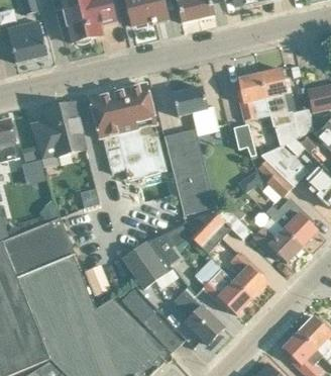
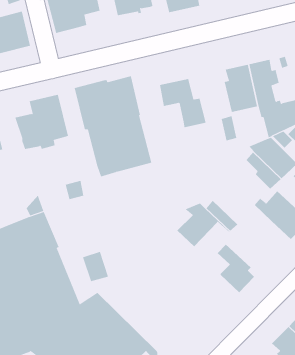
building: [163,127,215,214] -> none
building: [22,149,45,183] -> none
building: [121,223,190,290] -> none
building: [252,225,302,262] -> none
building: [202,268,251,314] -> none
building: [119,287,183,353] -> none
building: [173,288,224,344] -> none

